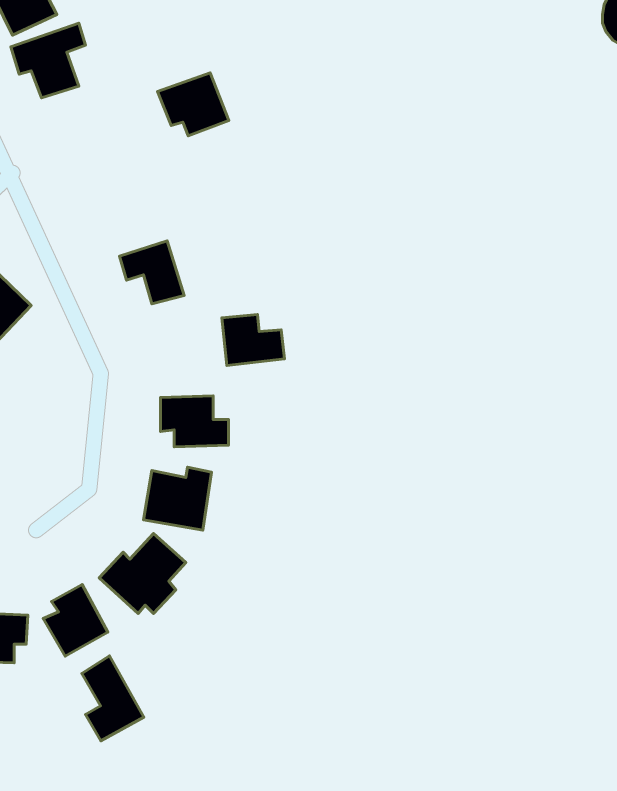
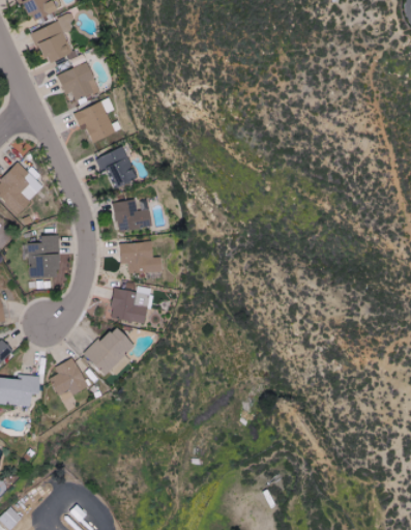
building: [157,73,229,136] -> [56,62,99,100]
building: none -> [74,102,114,141]
building: [222,315,285,366] -> [114,200,152,231]
building: none -> [27,234,59,277]
building: [82,656,144,741] -> none

